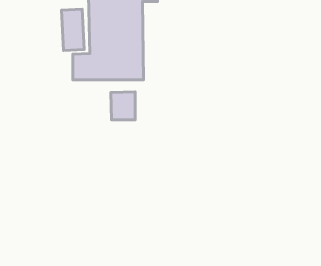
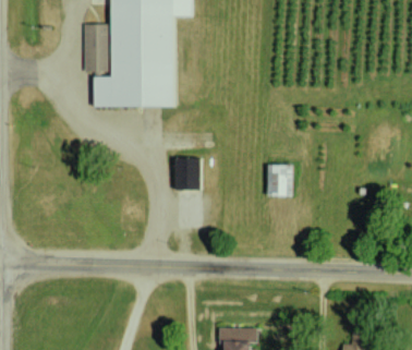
building: [111,92,135,120] -> [171,157,199,190]
building: none -> [266,165,290,195]

